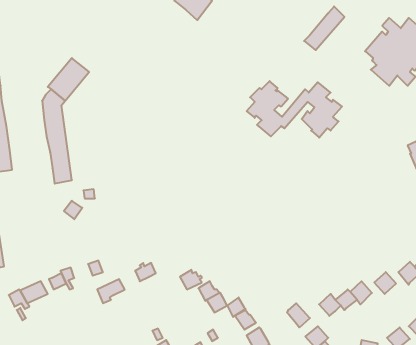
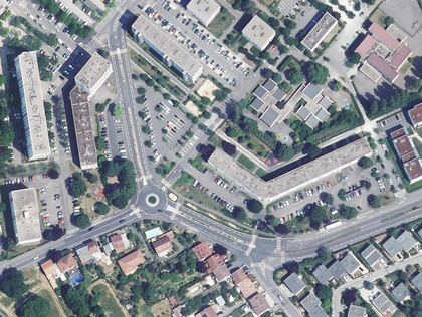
building: none -> [242,18,274,50]
building: none -> [133,20,203,81]
building: none -> [208,139,372,201]

